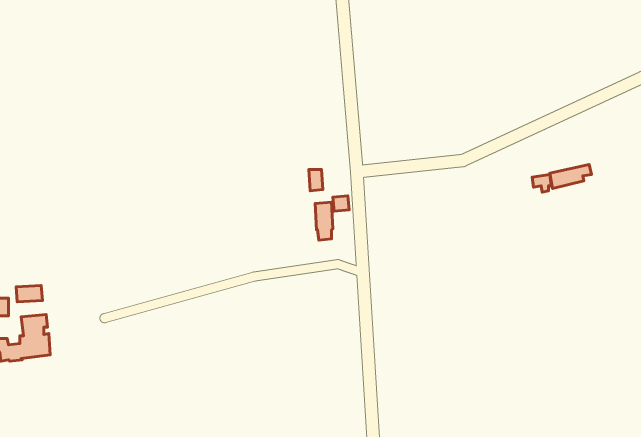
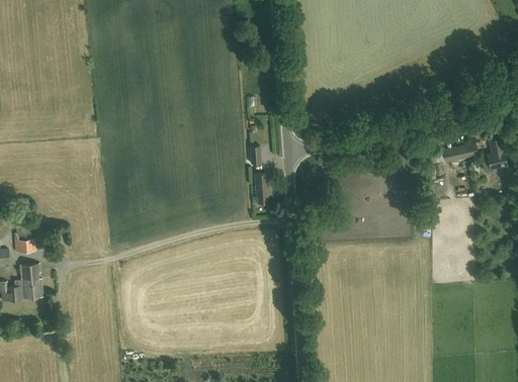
building: none -> [483,137,507,172]

